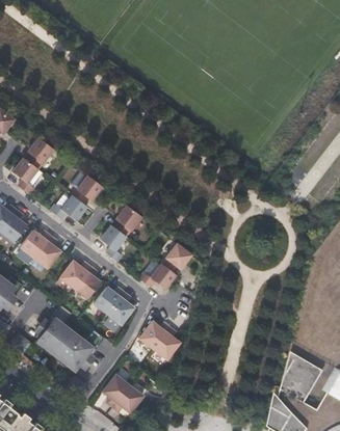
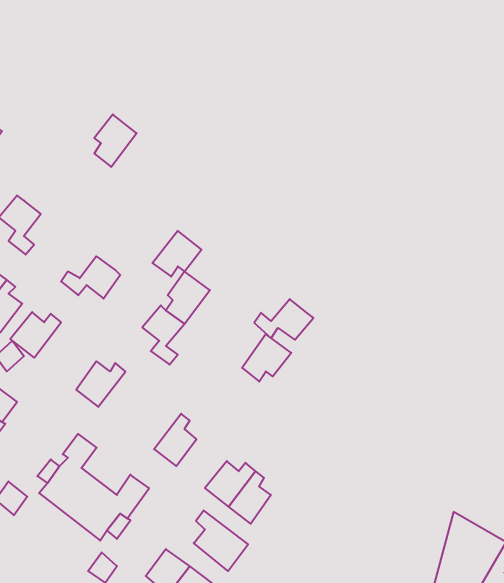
building: [27,137,53,169] -> [94,114,137,167]
building: [72,176,102,204] -> [152,231,202,277]
building: [33,236,59,268] -> none
building: [139,264,176,289] -> [254,299,313,340]
building: [73,266,100,298] -> none
building: [93,286,124,314] -> none
building: none -> [194,510,248,571]

